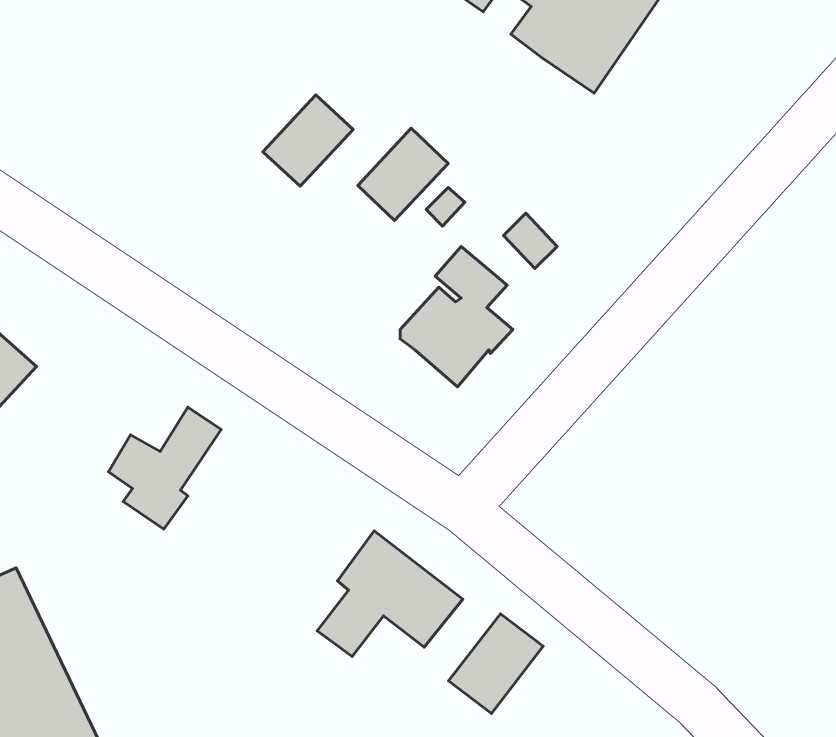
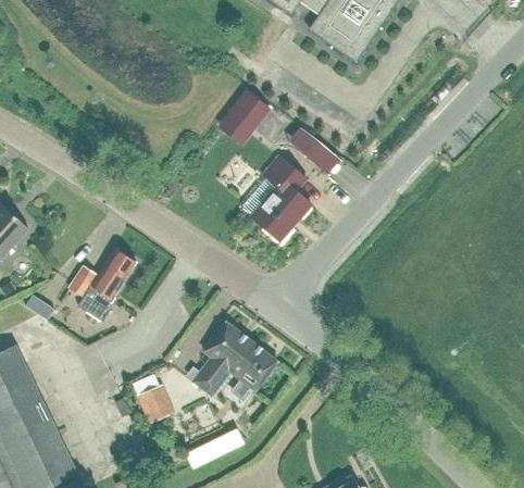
building: [263,95,353,186] -> none
building: [449,614,543,713] -> none
building: none -> [136,386,174,425]

